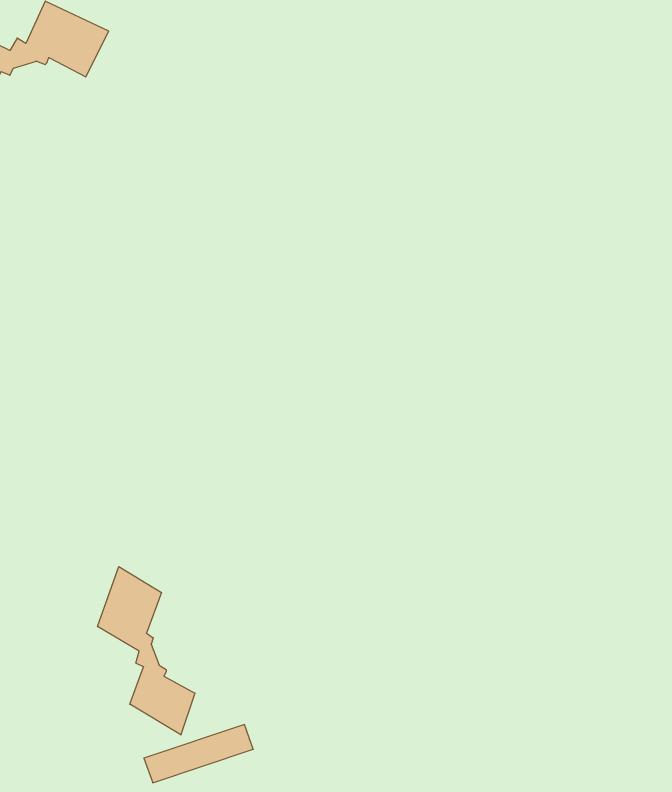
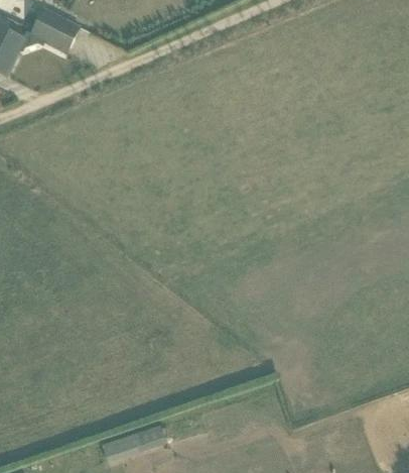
building: [98,567,195,735] -> none

